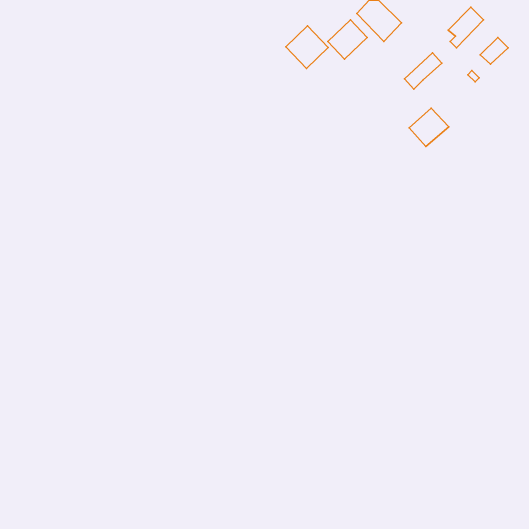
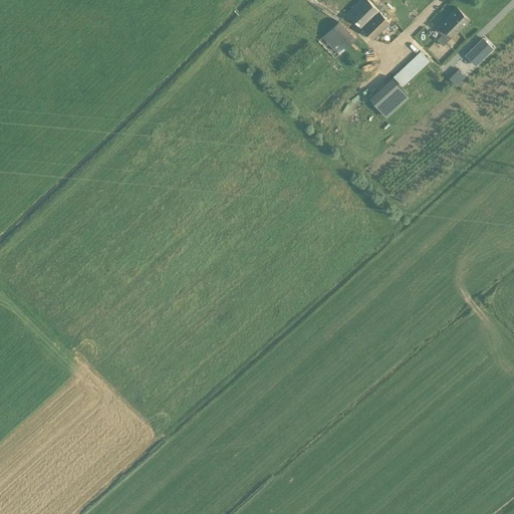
building: [286,26,328,68] -> none
building: [409,108,449,146] -> [368,79,407,116]

